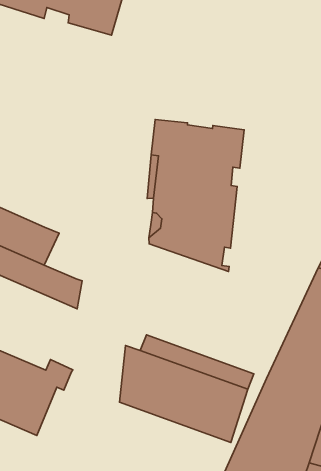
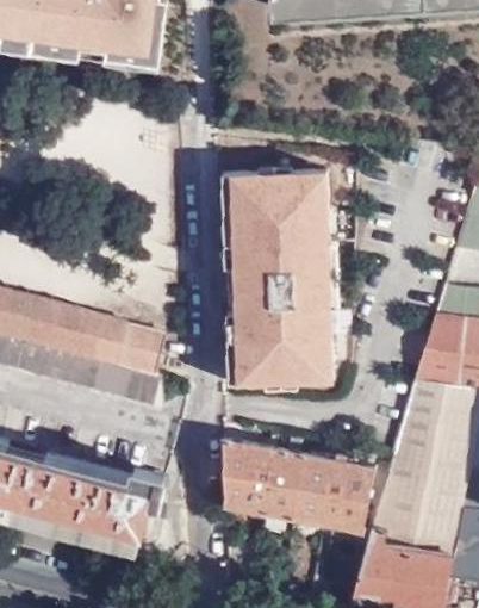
building: none -> [116,321,167,371]
building: none -> [226,318,331,381]

